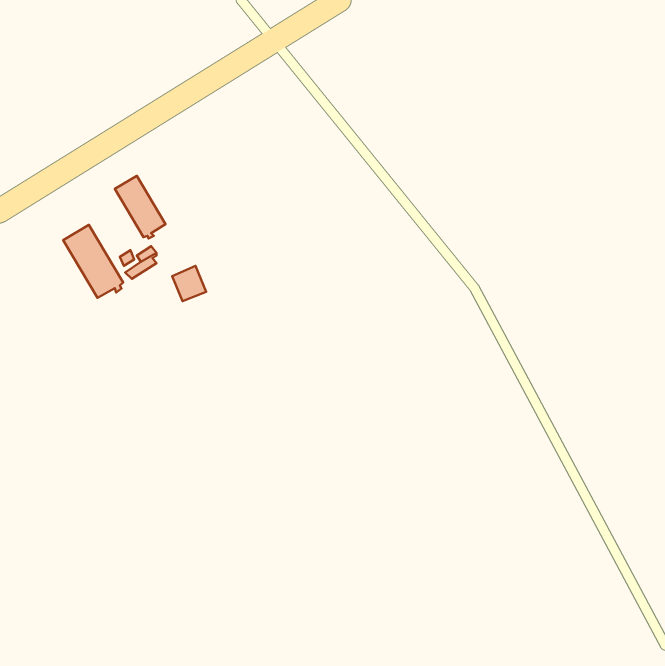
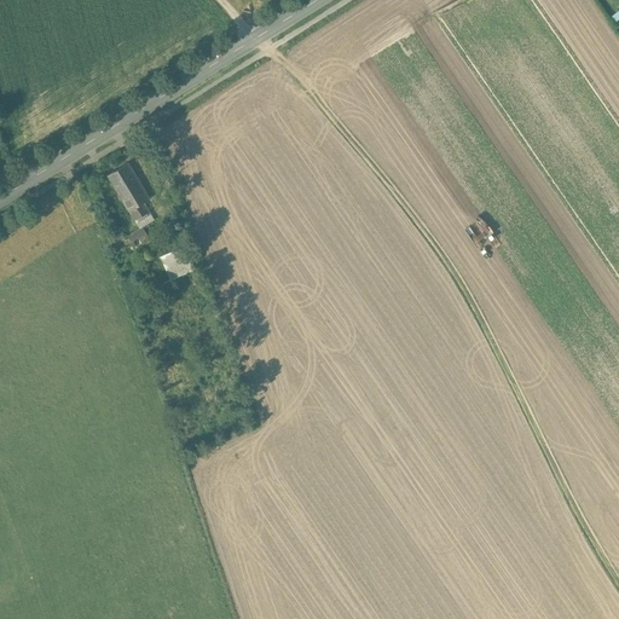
building: [63,225,123,298] -> none

